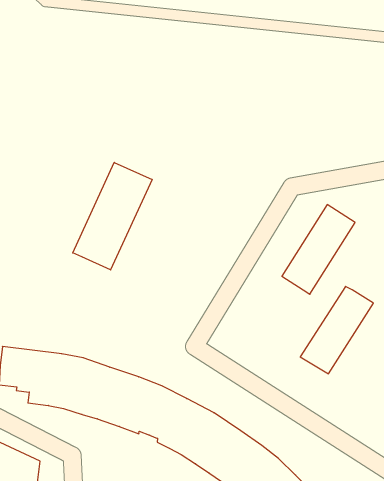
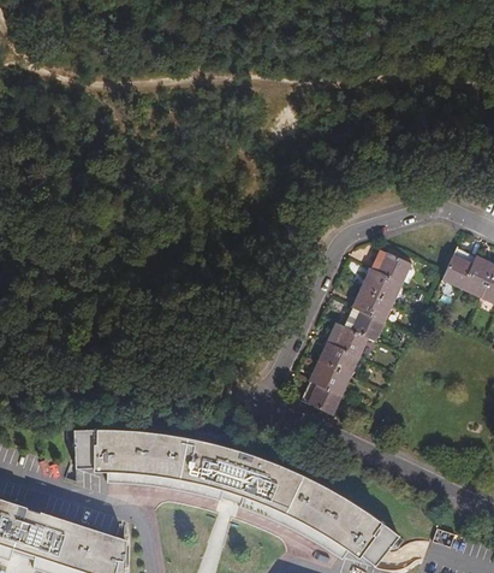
building: [73,162,152,270] -> none
building: [300,286,373,374] -> [300,323,367,412]

